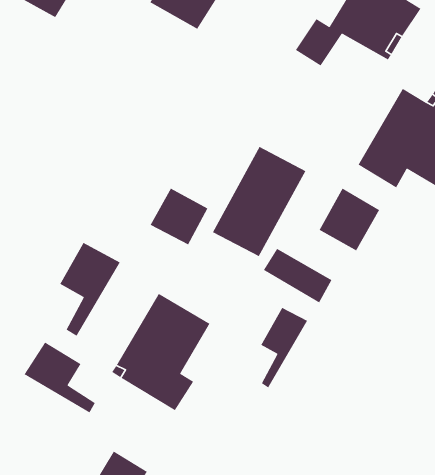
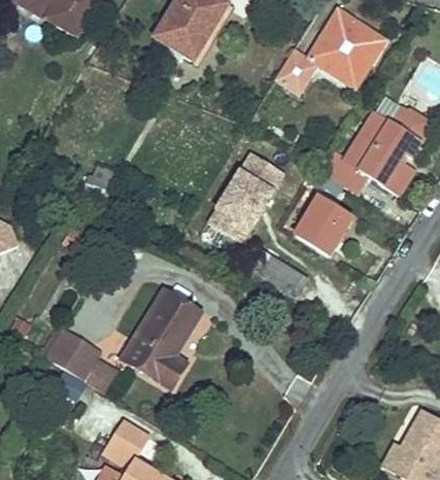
building: [150,187,209,245] -> none
building: [59,242,121,337] -> none
building: [260,307,308,388] -> none

